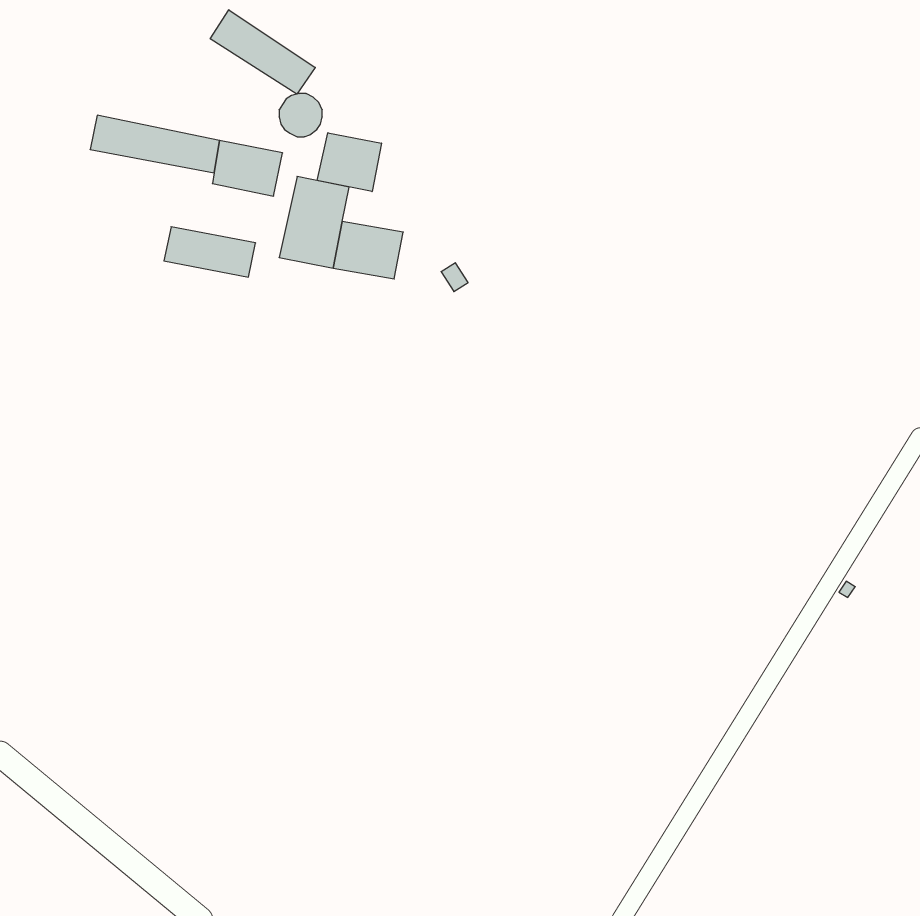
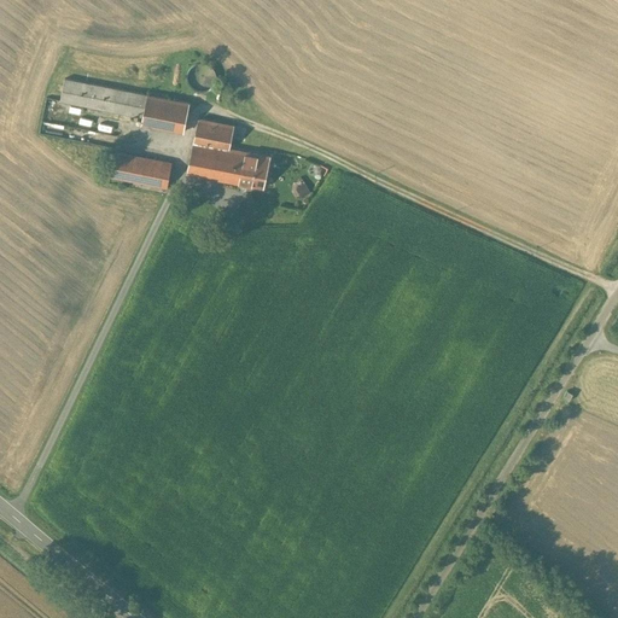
building: [210,10,315,94] -> none
building: [317,133,381,192] -> none

